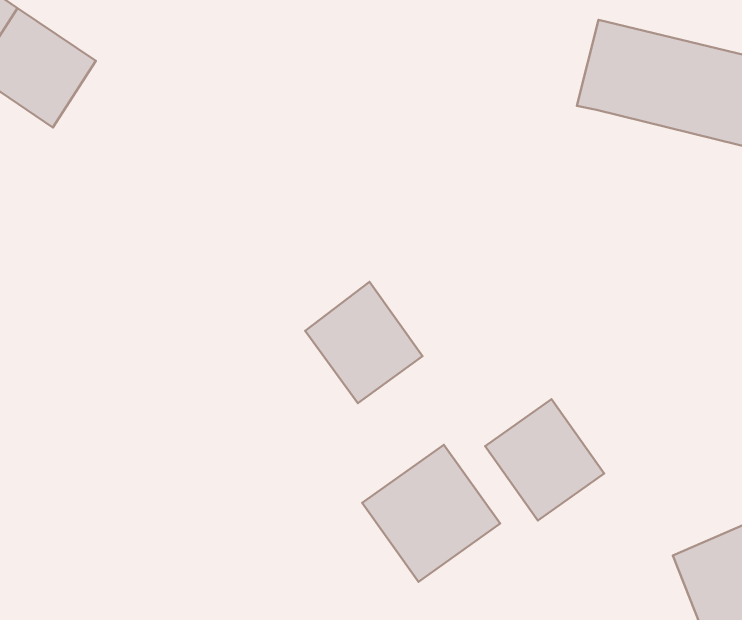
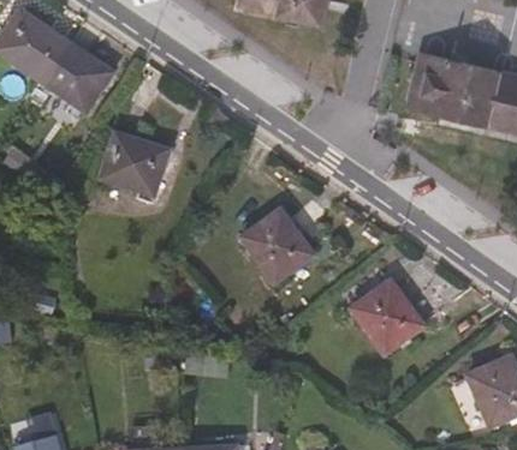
building: none -> [101,132,170,196]
building: [362,445,500,582] -> none

